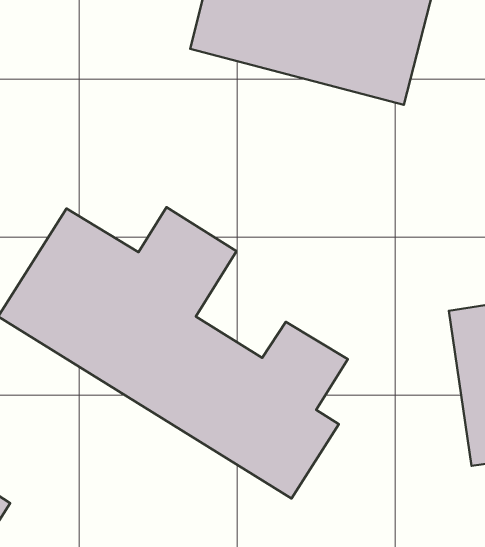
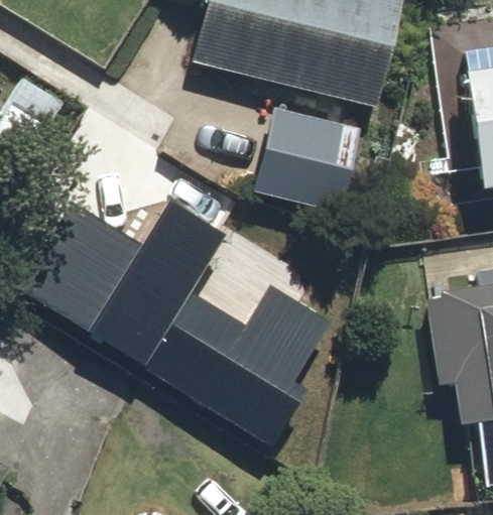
building: none -> [248,98,365,213]

